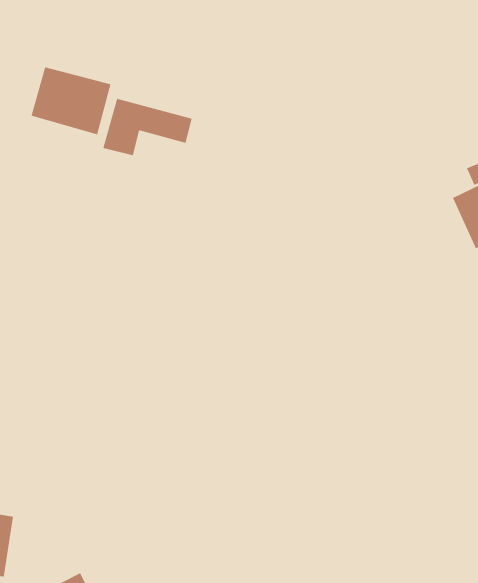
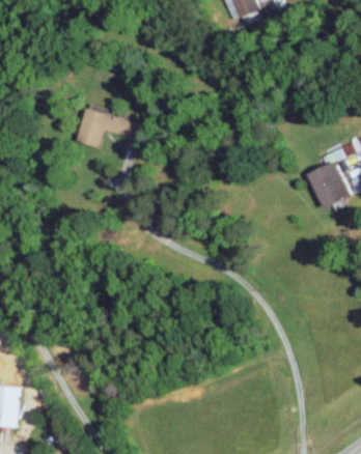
building: [31,67,111,135] -> none

